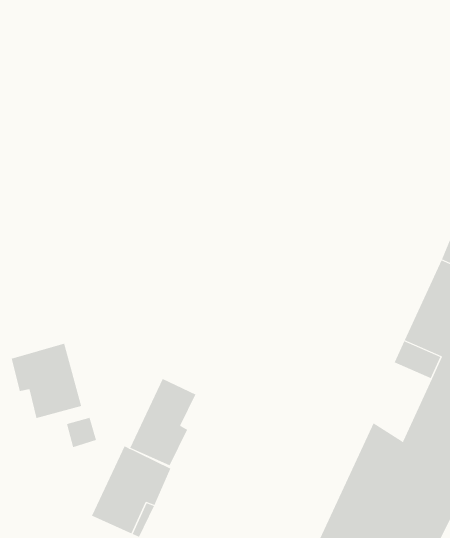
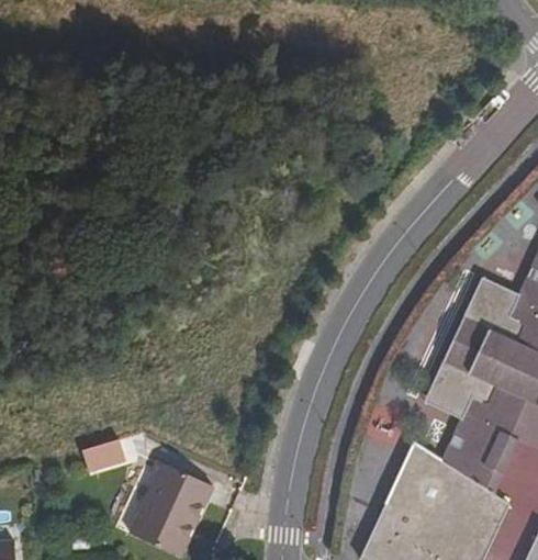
building: [11,343,82,419] -> none
building: [129,378,196,466] -> none

